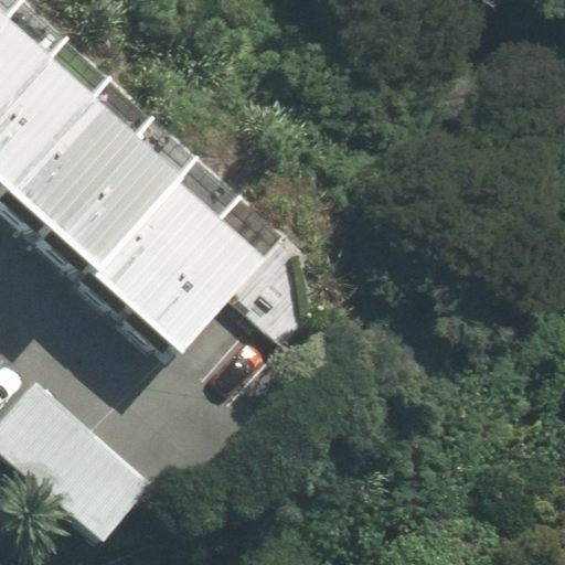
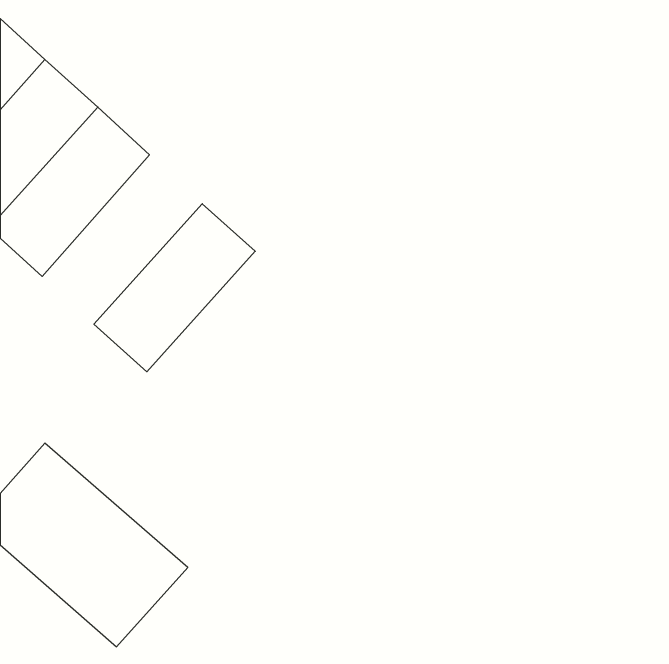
building: [41,129,174,270] -> none
building: [128,210,262,350] -> none

